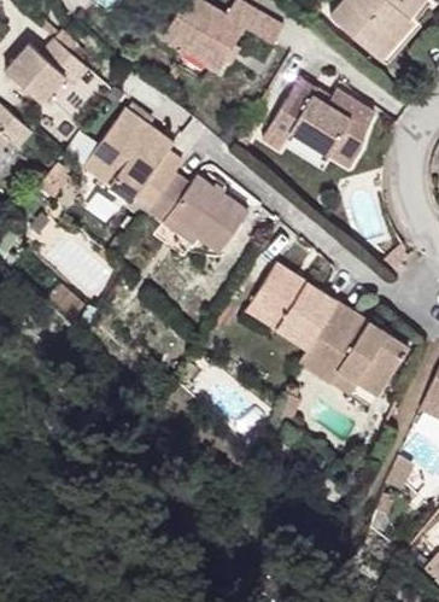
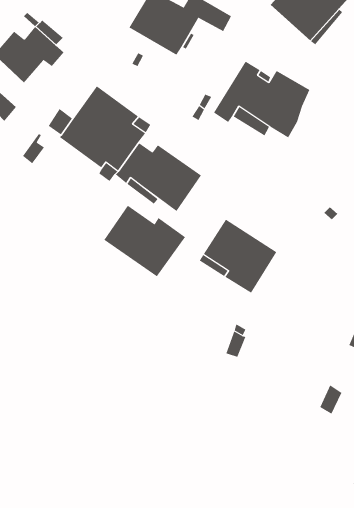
building: none -> [104,205,186,277]
building: [298,300,409,394] -> none

